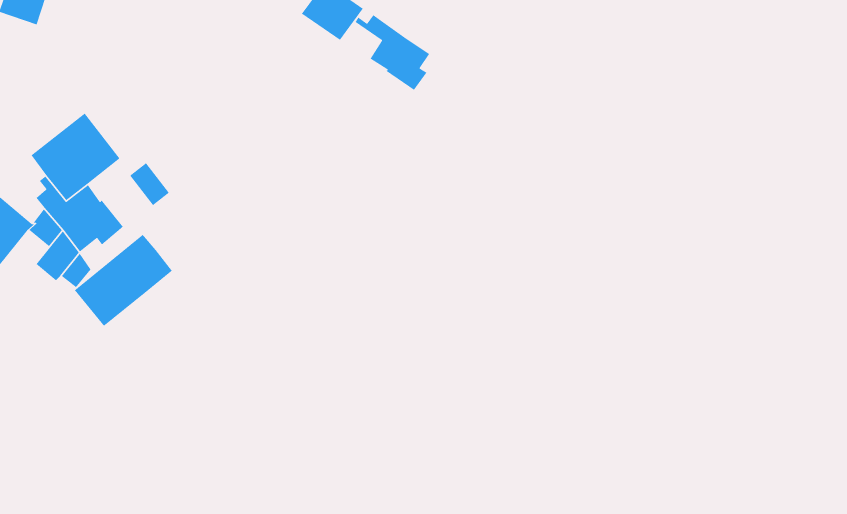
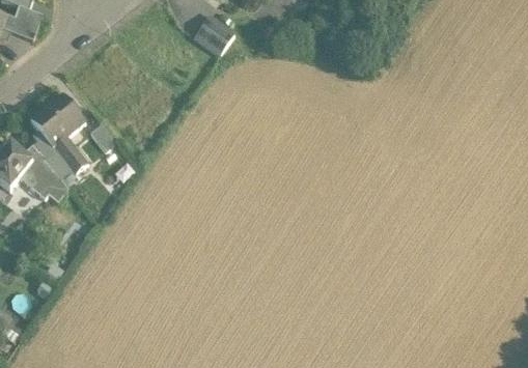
building: [355,14,430,91] -> none
building: [74,234,173,327] -> none

